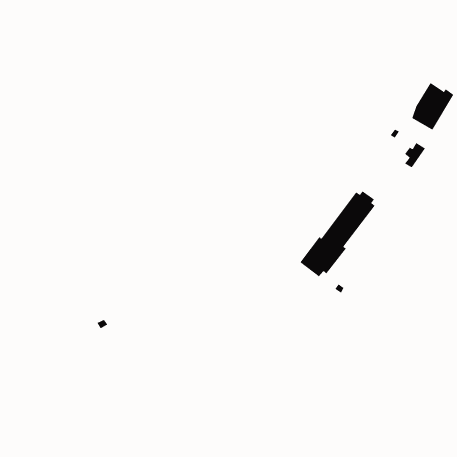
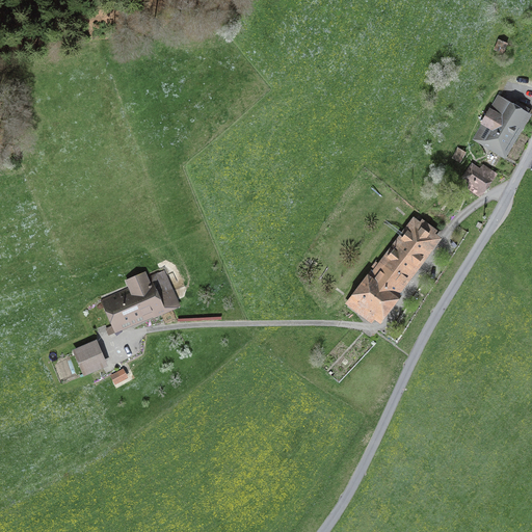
building: none -> [102,271,175,326]
building: none -> [75,343,104,373]

